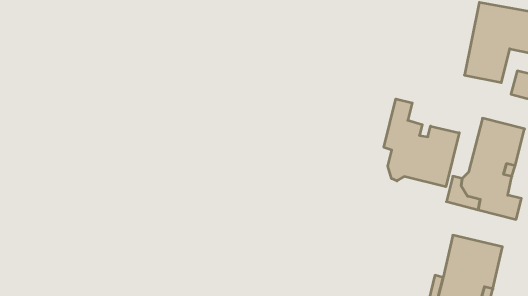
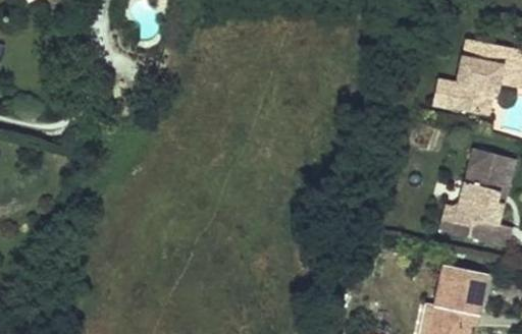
building: [384,99,459,187] -> none

